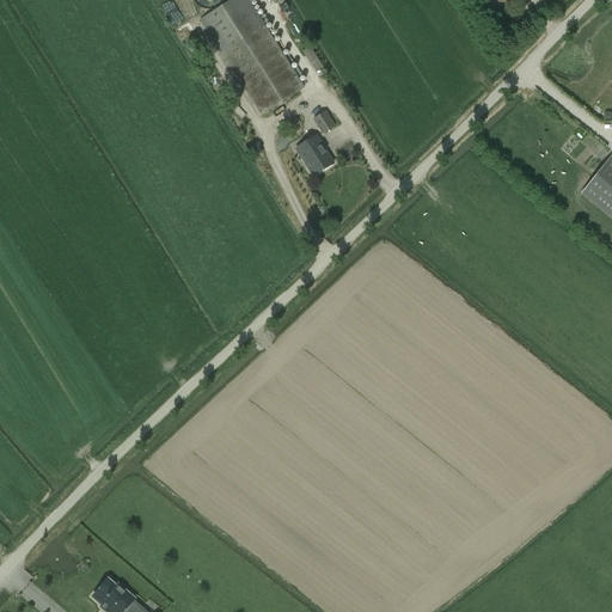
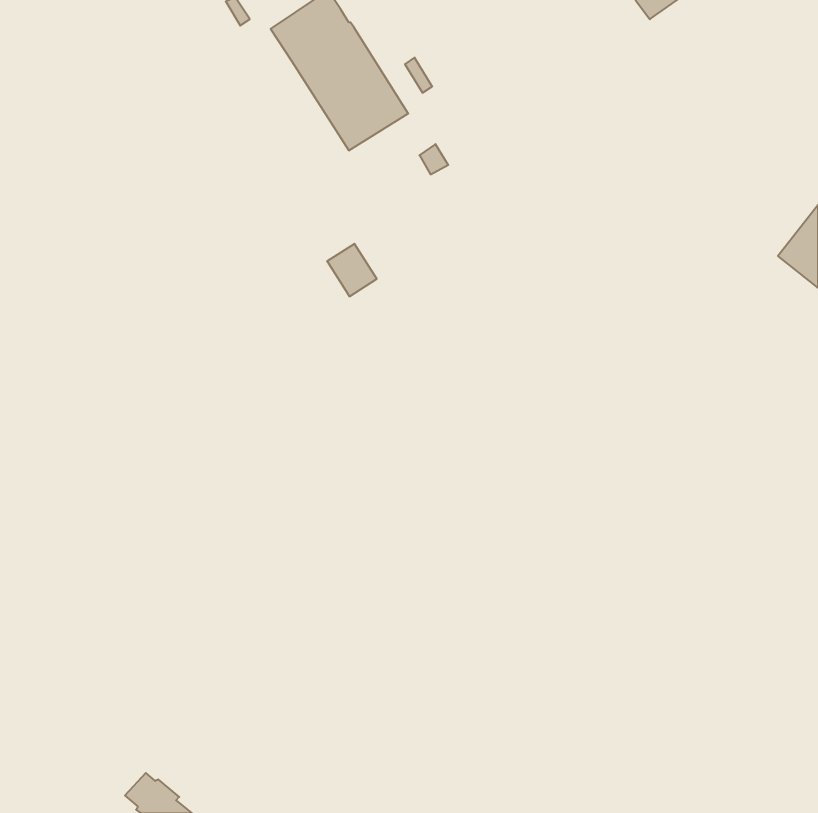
building: [295,134,332,173] -> [327,244,377,296]

